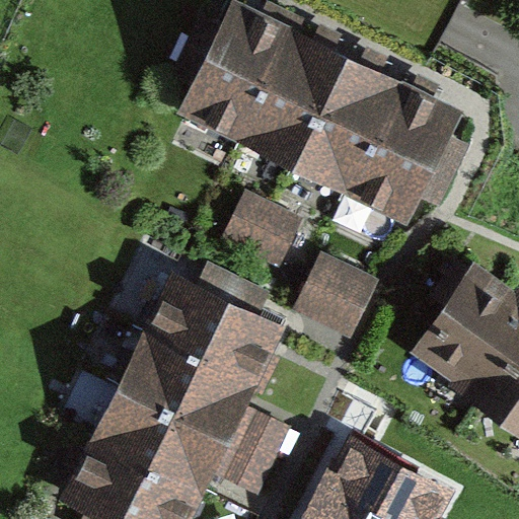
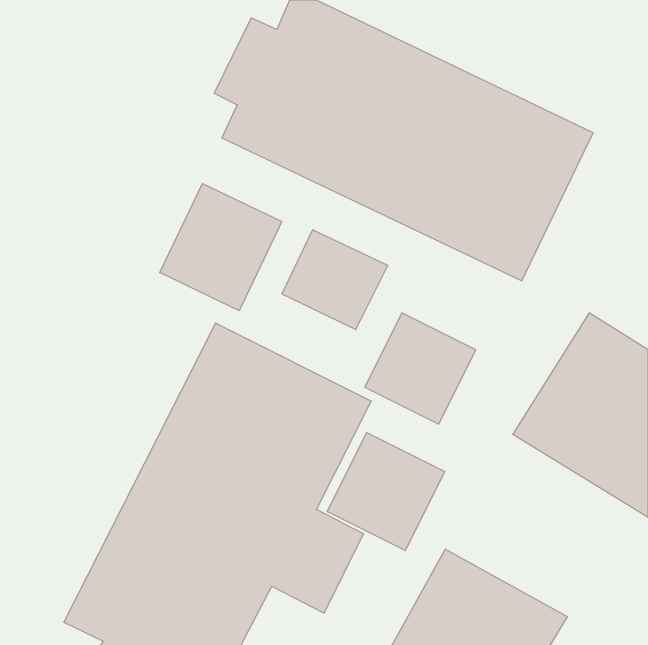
building: none -> [160,183,282,311]
building: none -> [327,432,445,551]

